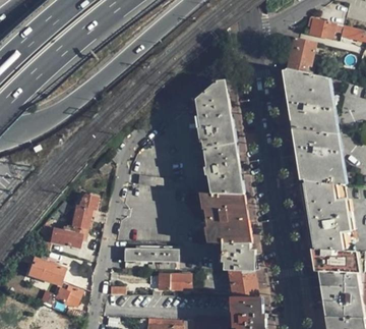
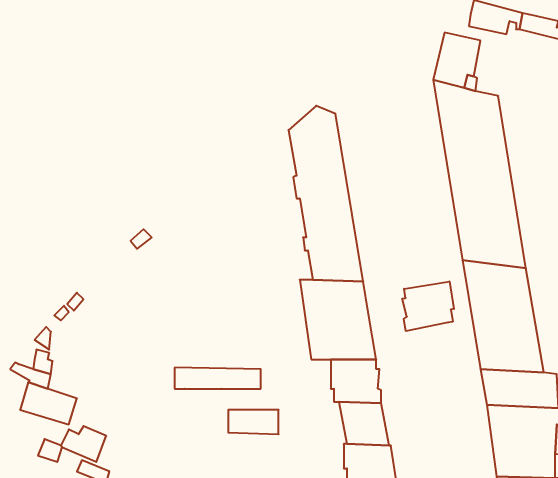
building: [49,194,97,249] -> none
building: none -> [402,281,454,331]

